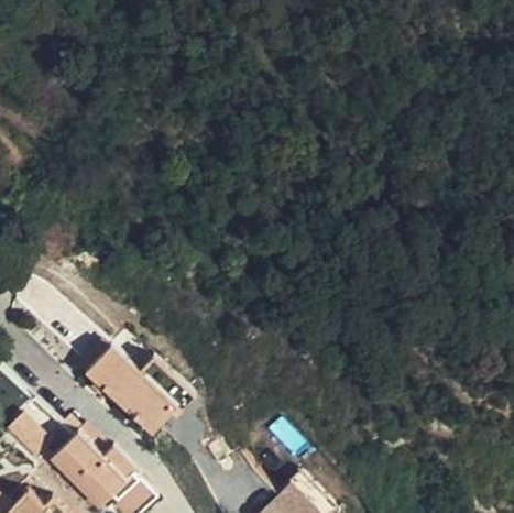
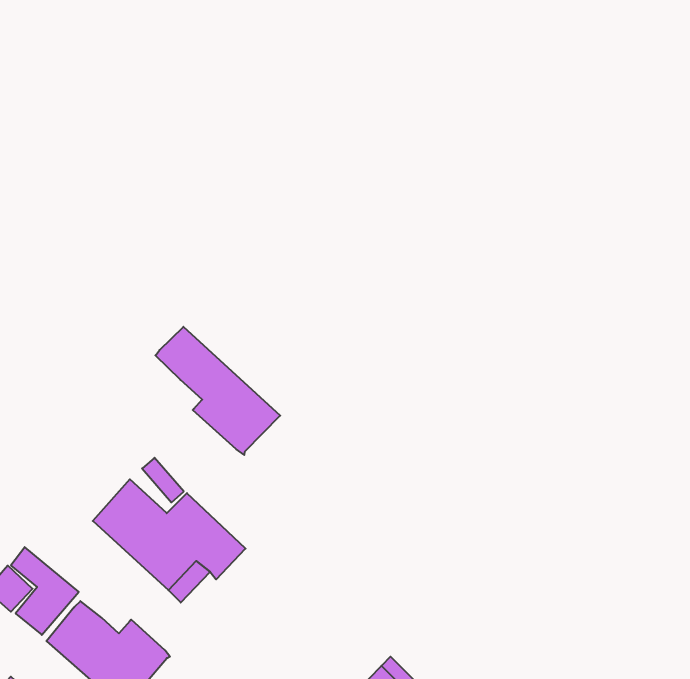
building: none -> [155,327,280,455]

